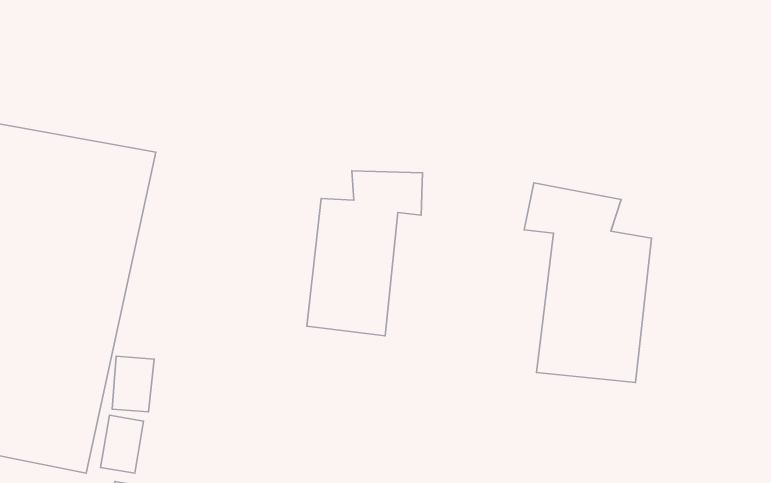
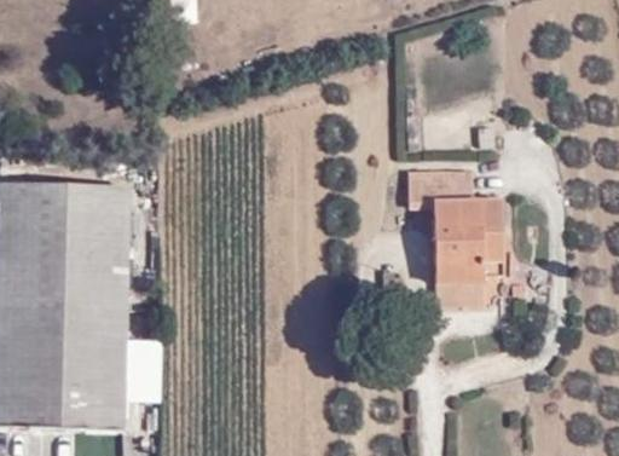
building: [307,171,422,336] -> none

